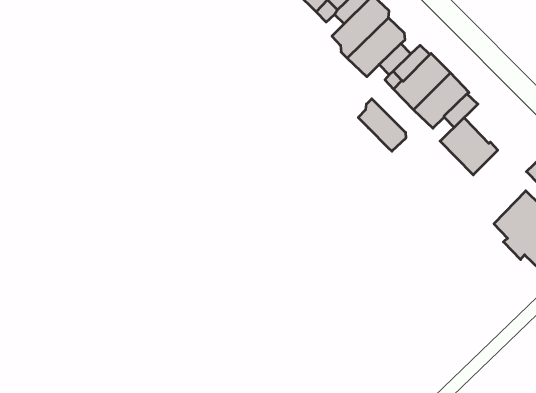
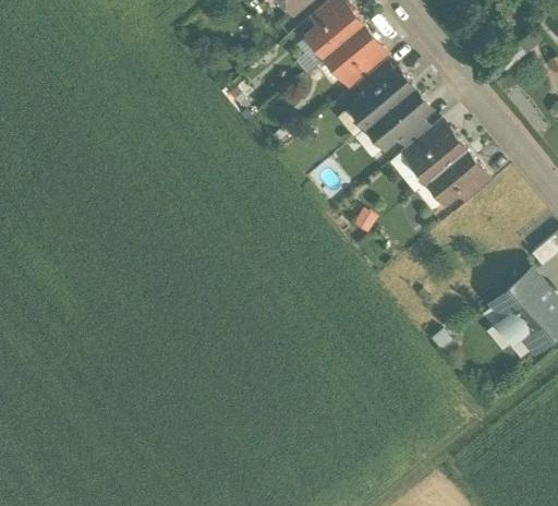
building: [358,99,406,151] -> none
building: [440,118,498,175] -> none

